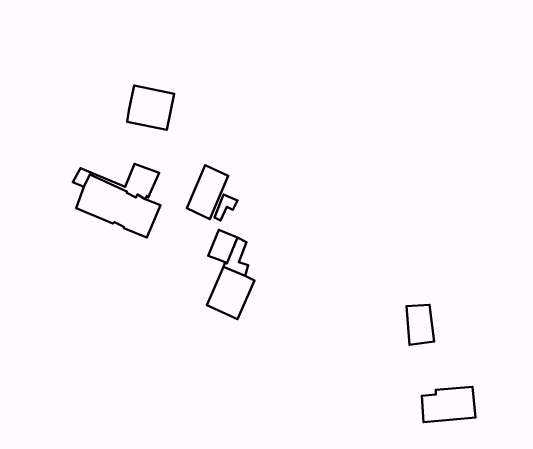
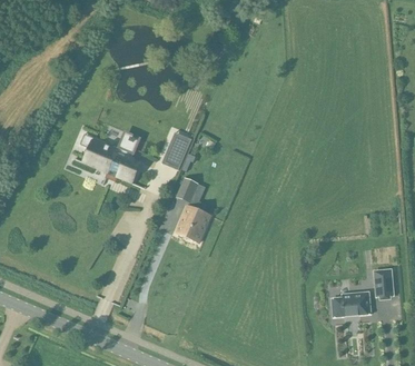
building: [127,86,174,130] -> none
building: [406,305,434,345] -> [374,268,394,297]

